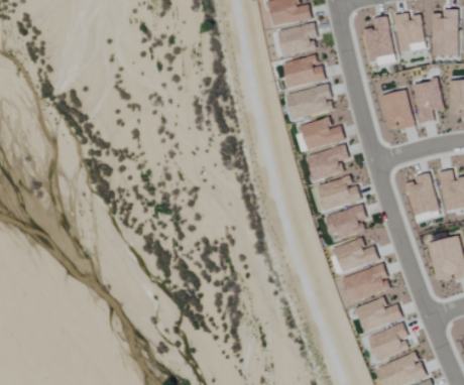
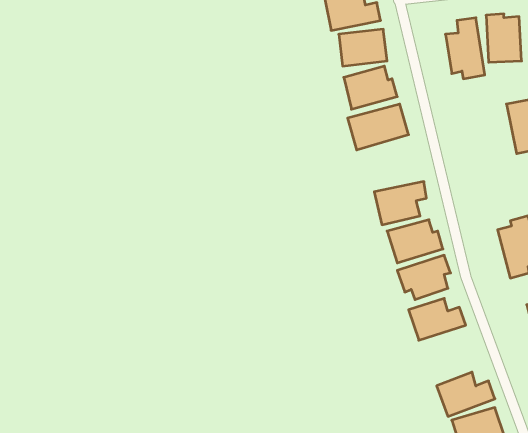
building: [380,89,415,129] -> none
building: [301,117,345,149] -> none
building: [343,265,390,300] -> none

